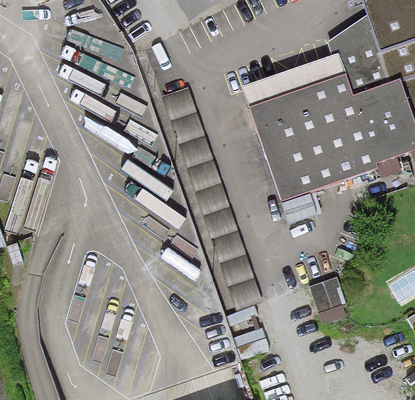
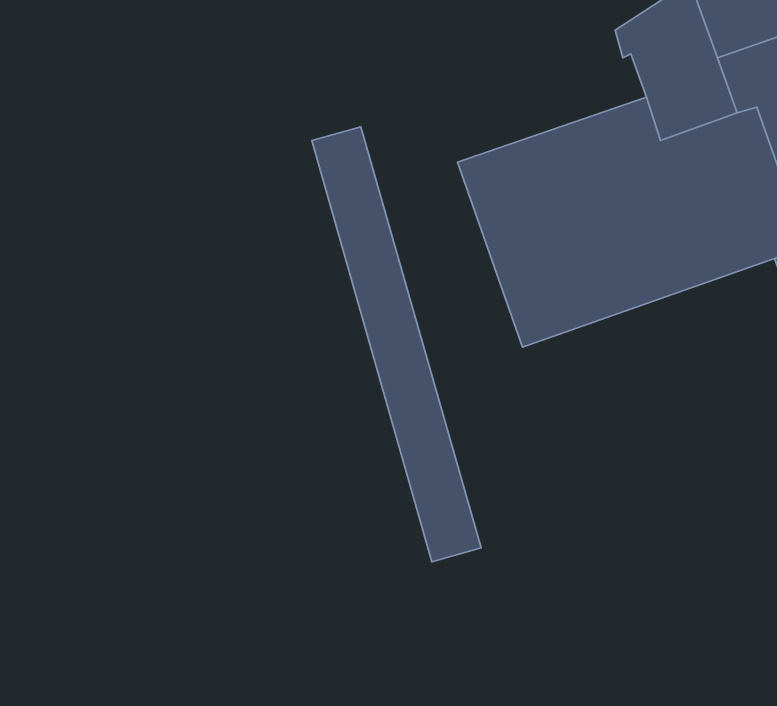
building: [241,53,344,108] -> none
building: [315,278,350,323] -> none

